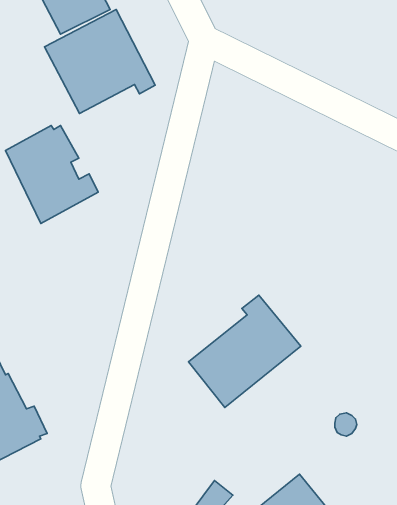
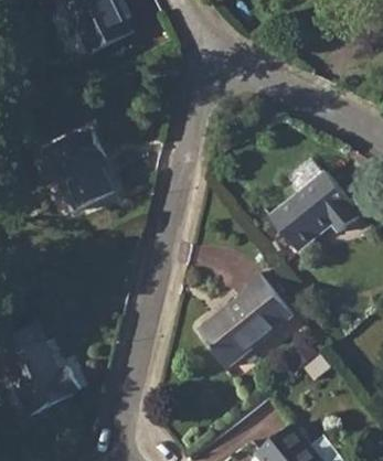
building: [44,10,155,114] -> none
building: none -> [268,169,358,251]

